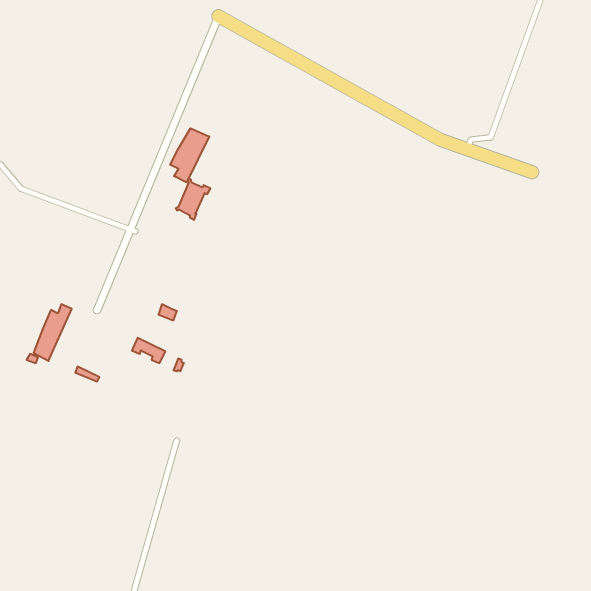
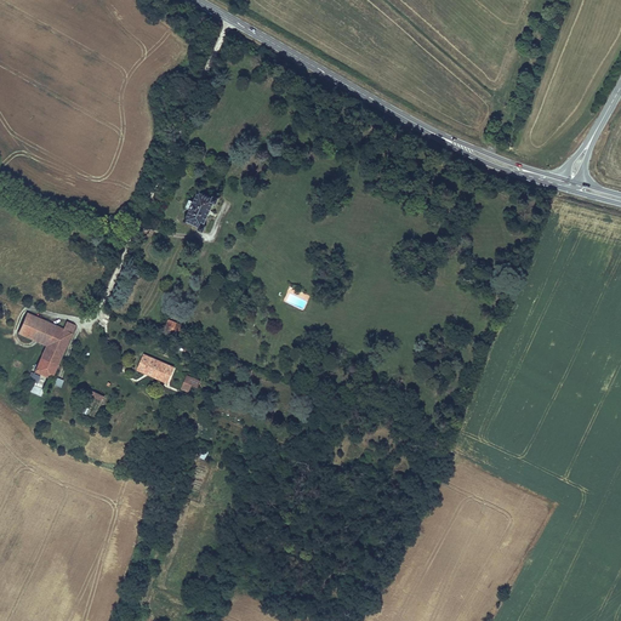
building: [170,128,209,182] -> none
building: none -> [11,309,53,344]

